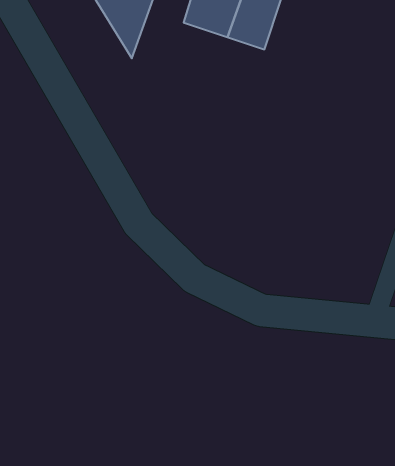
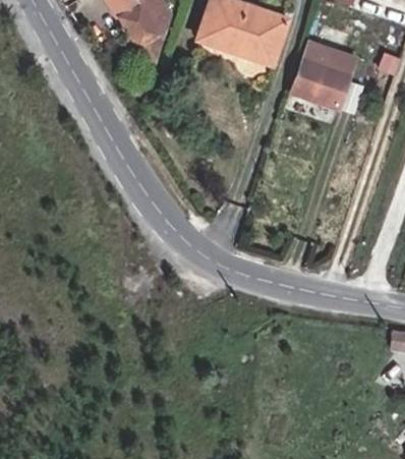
building: none -> [293,44,353,107]

